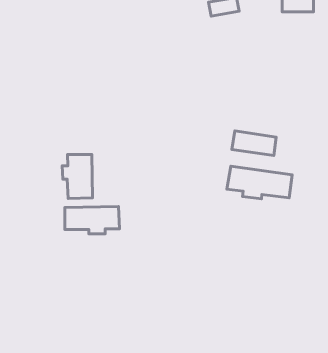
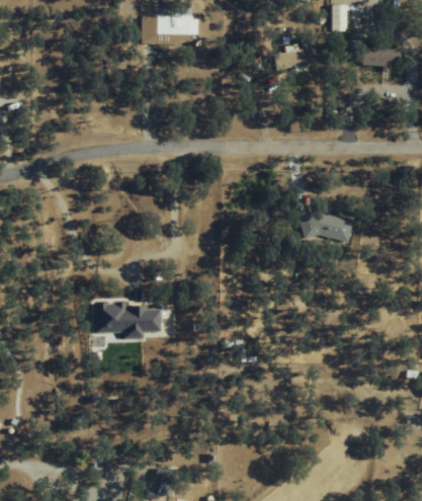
building: [62,154,93,198] -> none
building: [227,166,292,199] -> none

